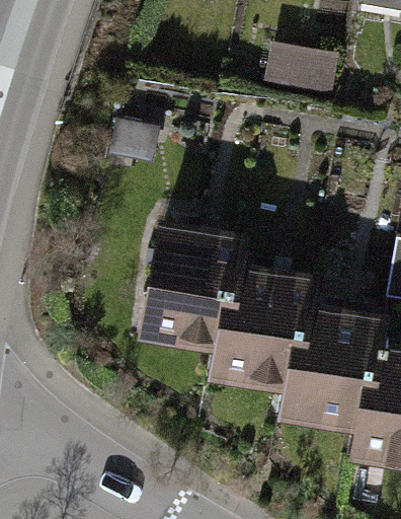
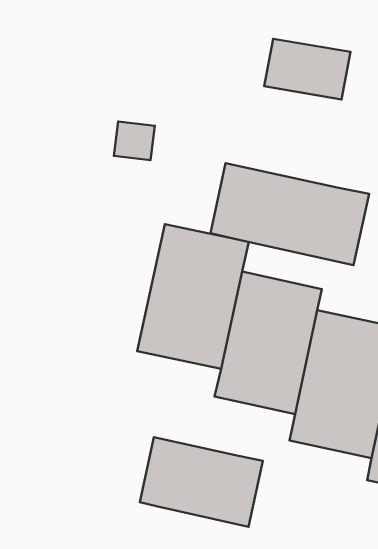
building: none -> [211,163,369,265]
building: none -> [140,437,263,527]

